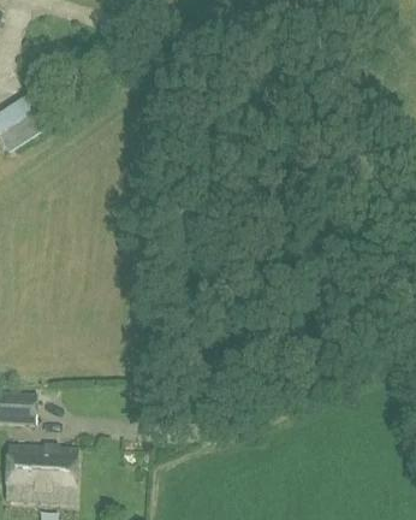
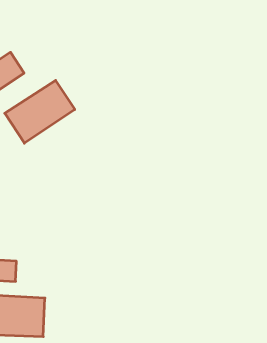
building: none -> [5,80,75,143]

